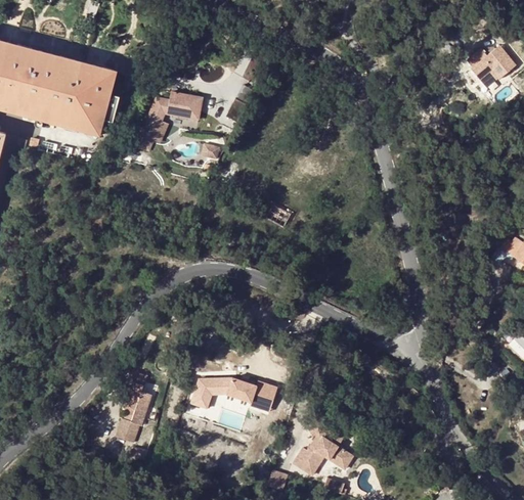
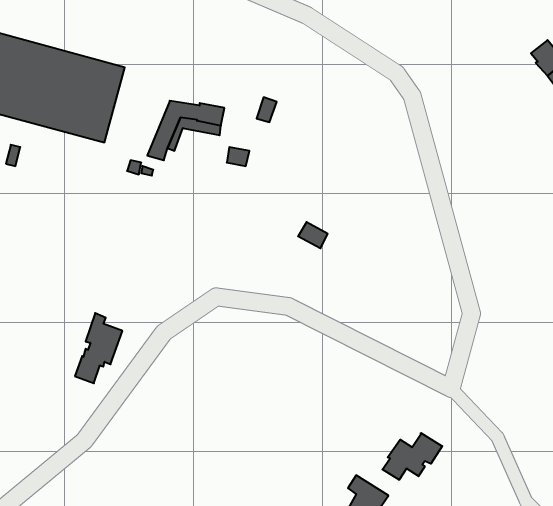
building: [192,375,282,411] -> none
building: [117,380,158,441] -> [75,313,122,383]
building: none -> [382,433,442,480]

